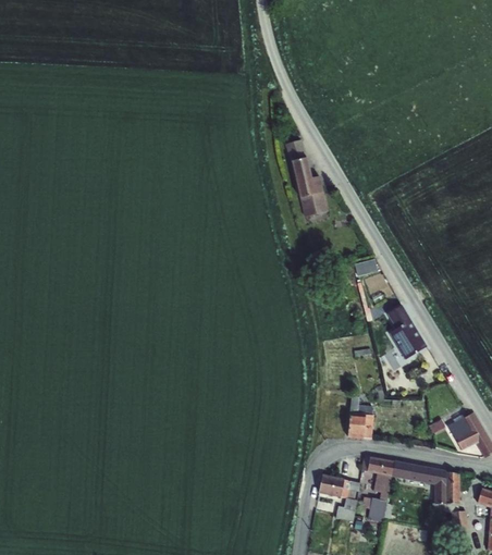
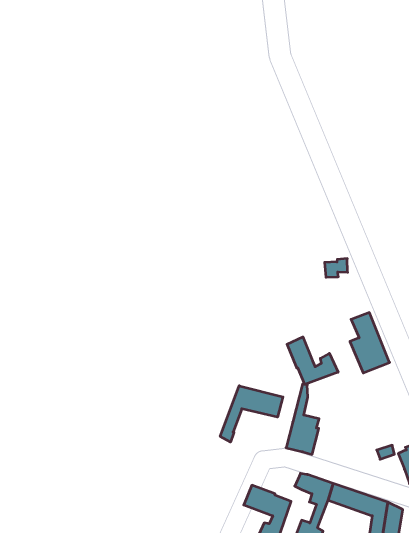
building: [285,139,328,217] -> none
building: none -> [287,337,338,384]
building: none -> [220,386,283,442]

